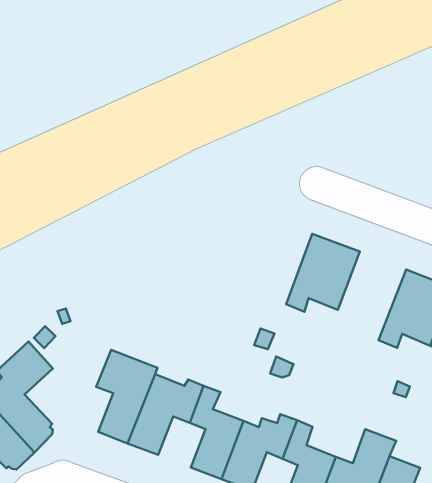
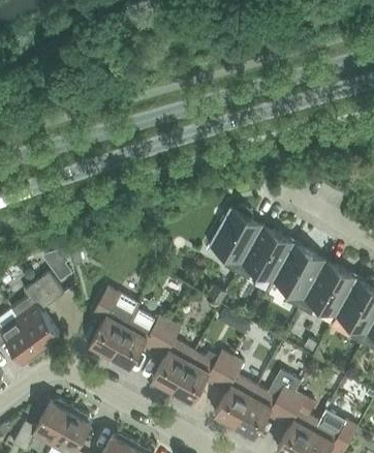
building: none -> [209,205,262,273]
building: none -> [273,243,325,308]

